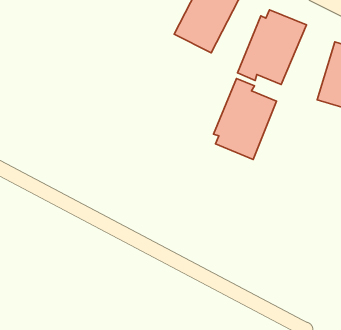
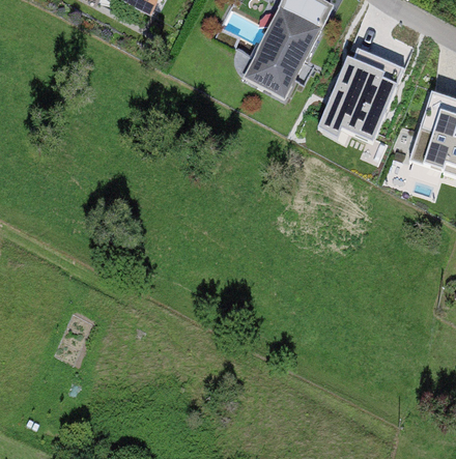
building: [214,79,276,159] -> none

